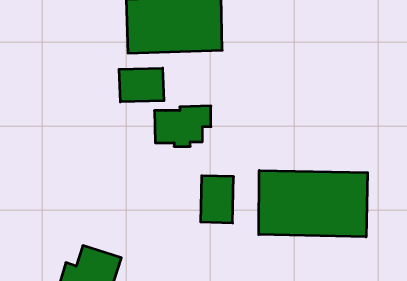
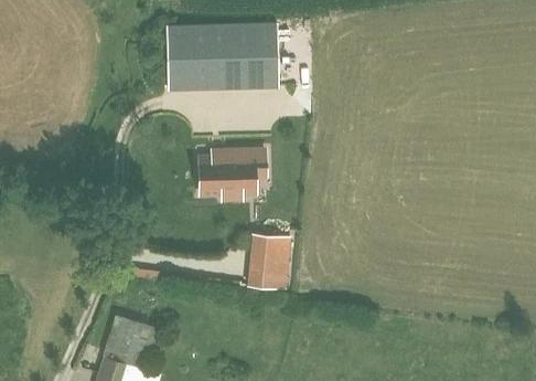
building: [119,68,164,102] -> none
building: [259,170,368,237] -> none

